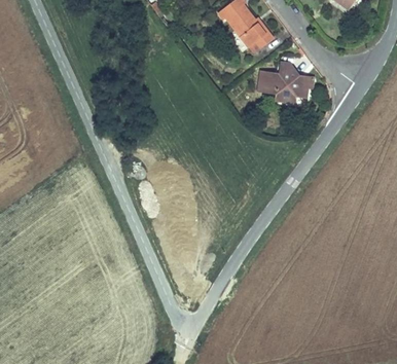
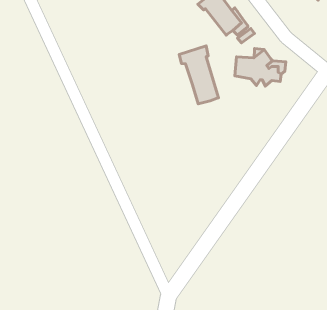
building: none -> [179,46,219,104]

